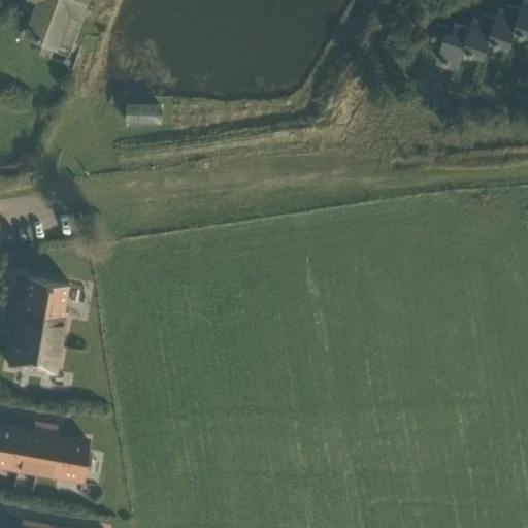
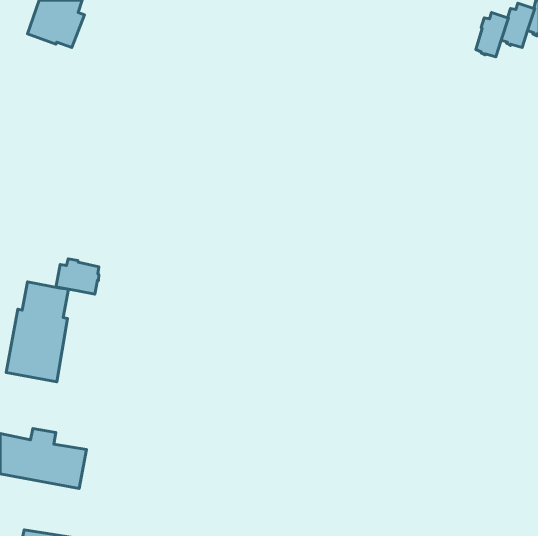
building: [432,25,472,68] -> none
building: [127,107,160,125] -> none
building: none -> [56,259,99,294]

